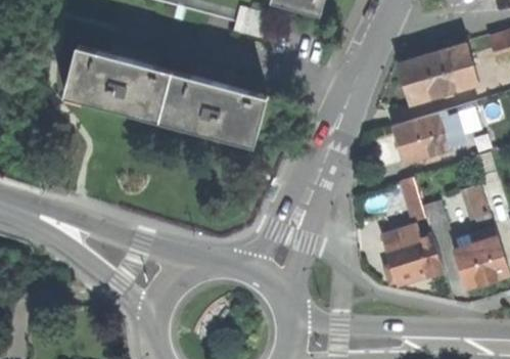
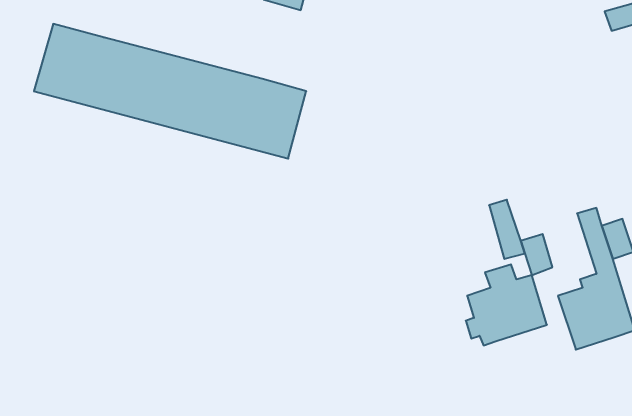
building: [397,43,478,104] -> none
building: [391,100,480,163] -> none

